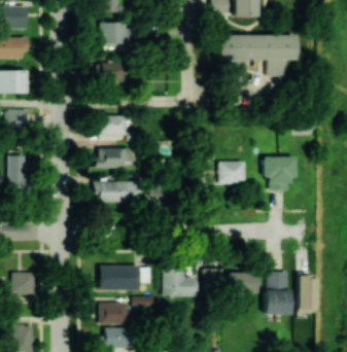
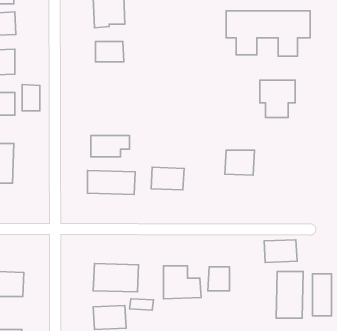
building: none -> [22,84,40,111]
building: [96,115,127,135] -> none
building: [265,156,297,190] -> [260,80,295,118]
building: [229,273,258,293] -> [264,240,297,262]

